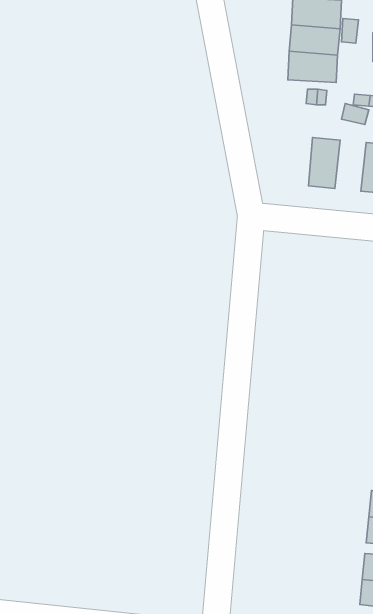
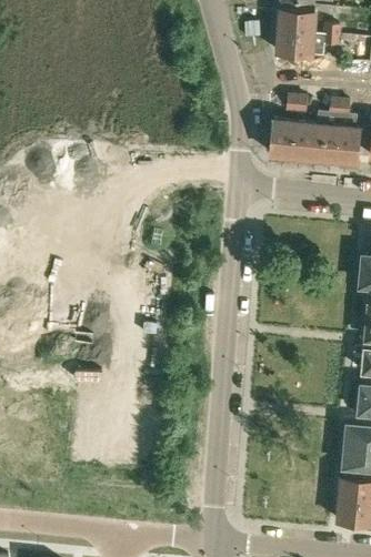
building: none -> [268,122,297,165]
building: none -> [315,126,342,170]

